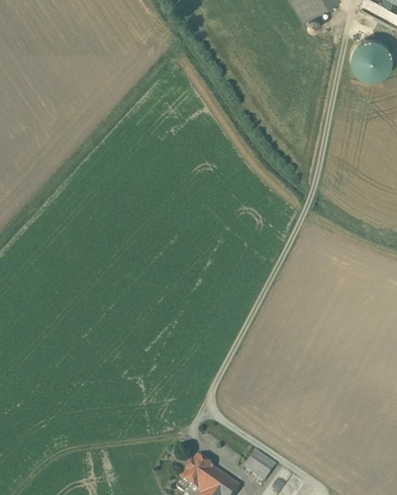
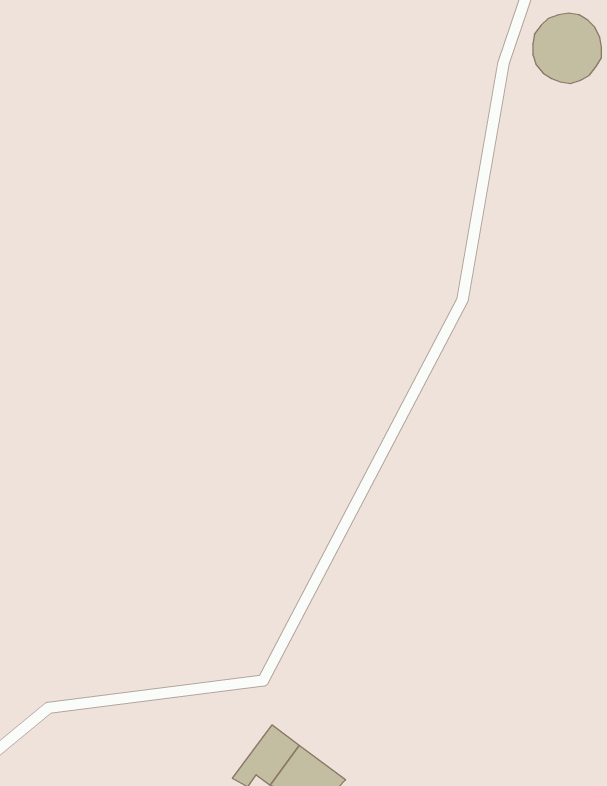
building: [246,449,277,478] -> none

